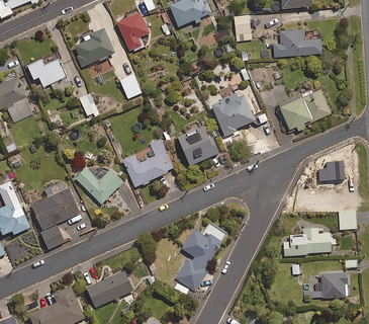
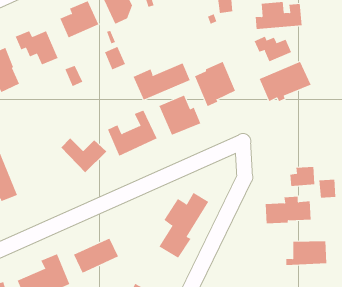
building: none -> [254,36,292,62]
building: none -> [133,63,190,100]
building: [317,161,344,181] -> [289,167,315,186]
building: [31,188,80,249] -> none

